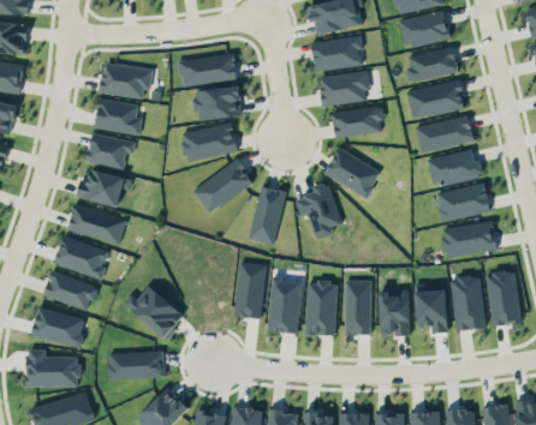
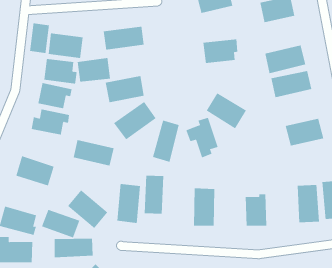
building: [311,37,362,70] -> none
building: [406,46,458,83] -> none
building: none -> [30,22,50,54]
building: [193,85,242,120] -> [77,58,111,82]
building: [332,106,383,138] -> none
building: [427,149,482,186] -> none
building: [67,205,126,243] -> [73,140,114,166]
building: [441,221,496,258] -> none
building: [42,270,97,311] -> [41,209,80,238]
building: [267,277,302,334] -> [116,183,141,223]
building: [345,281,371,335] -> none
building: [416,291,447,333] -> none

